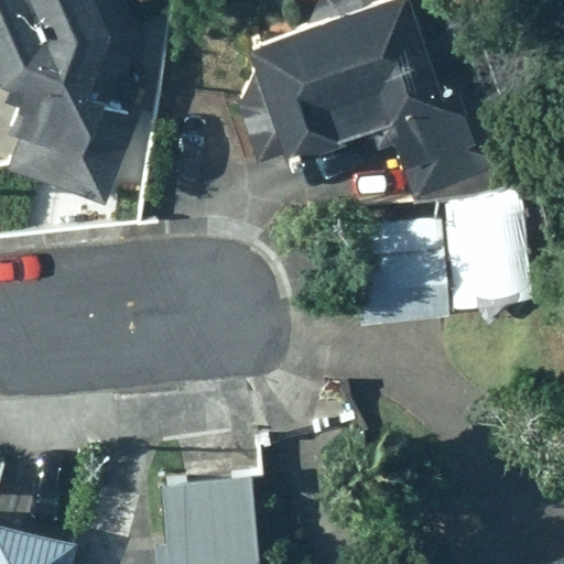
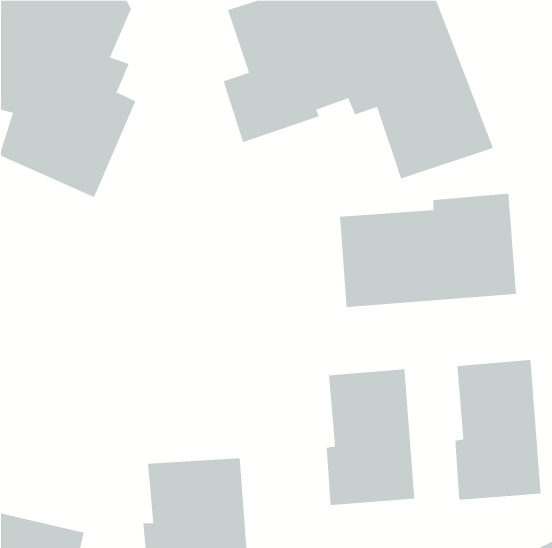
building: none -> [455,359,541,501]
building: none -> [326,369,415,506]

